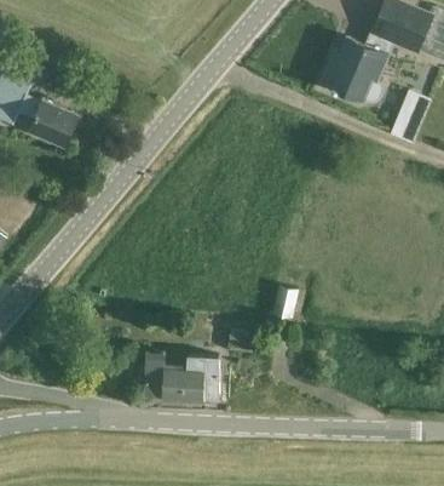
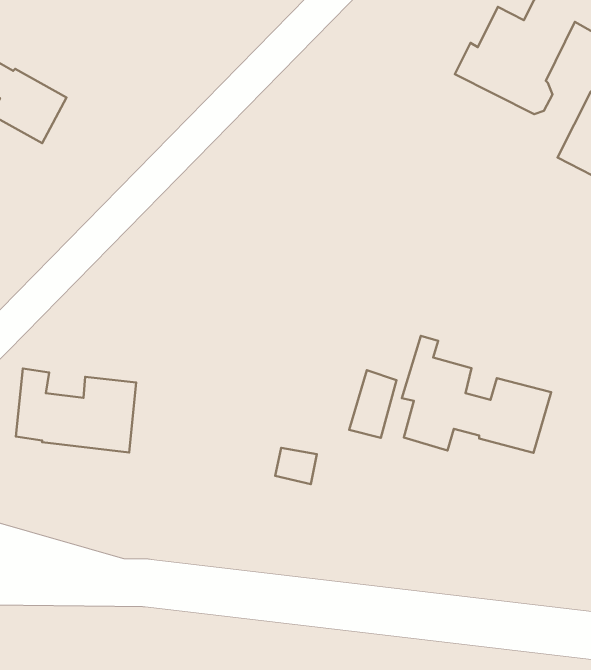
building: none -> [402,336,551,453]
building: [144,354,218,402] -> [16,369,136,452]

